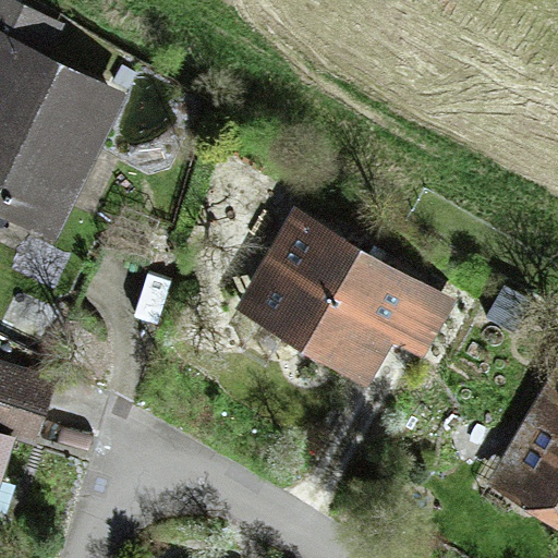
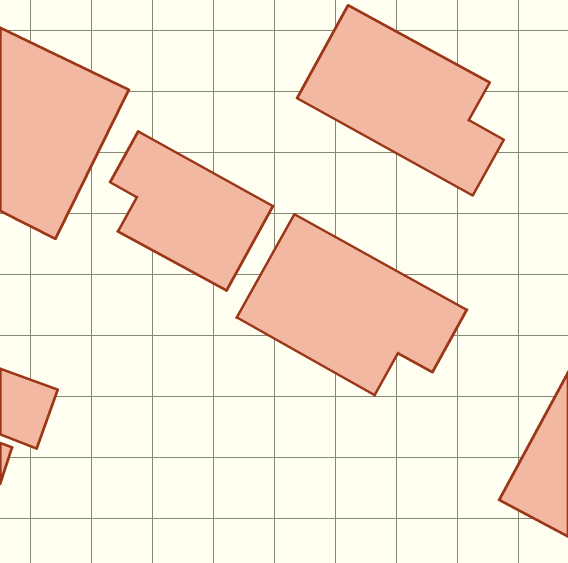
building: none -> [297,5,504,195]
building: none -> [110,131,273,291]

